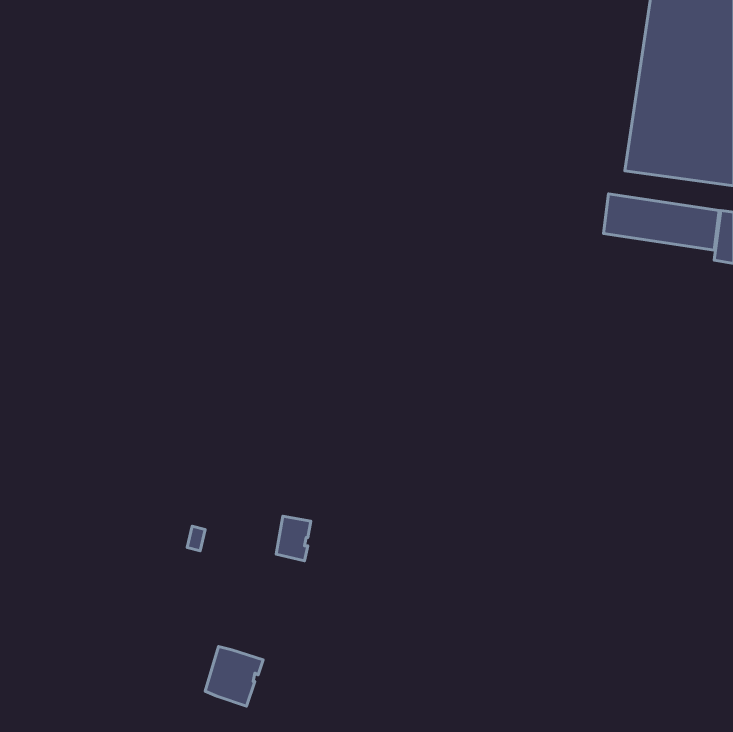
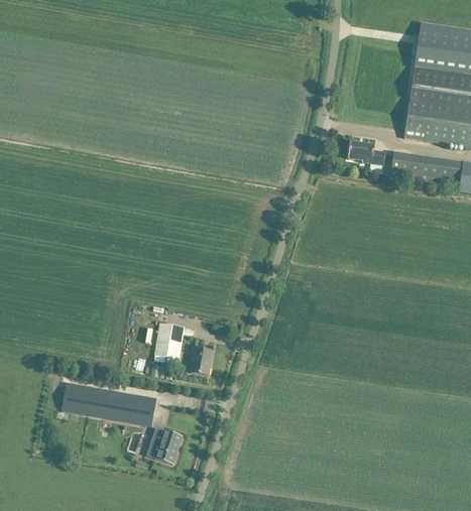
building: none -> [347,140,385,165]
building: none -> [153,323,194,364]
building: none -> [61,382,156,426]

